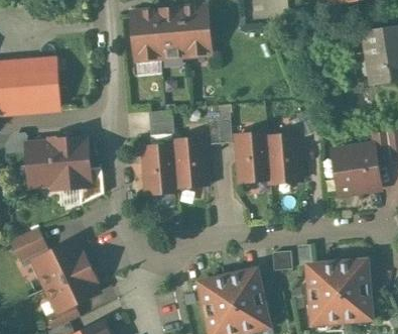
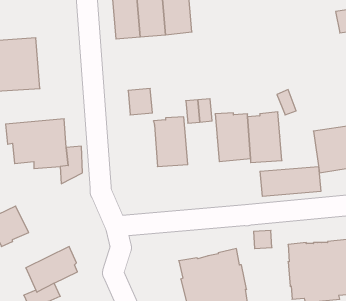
building: [141,144,178,195] -> none
building: none -> [260,166,321,196]
building: [33,240,90,288] -> none

